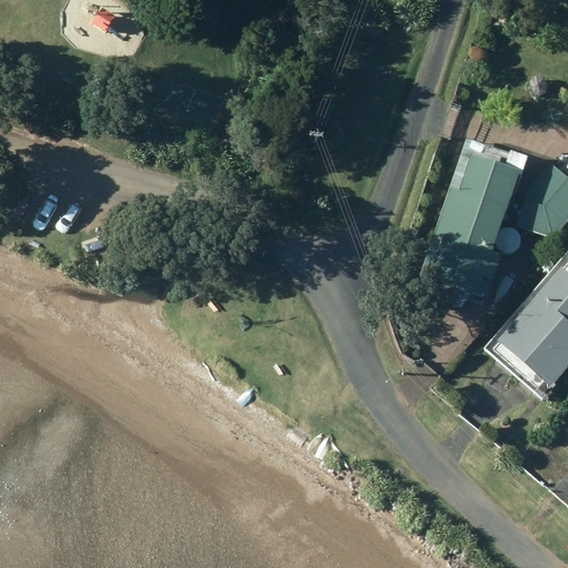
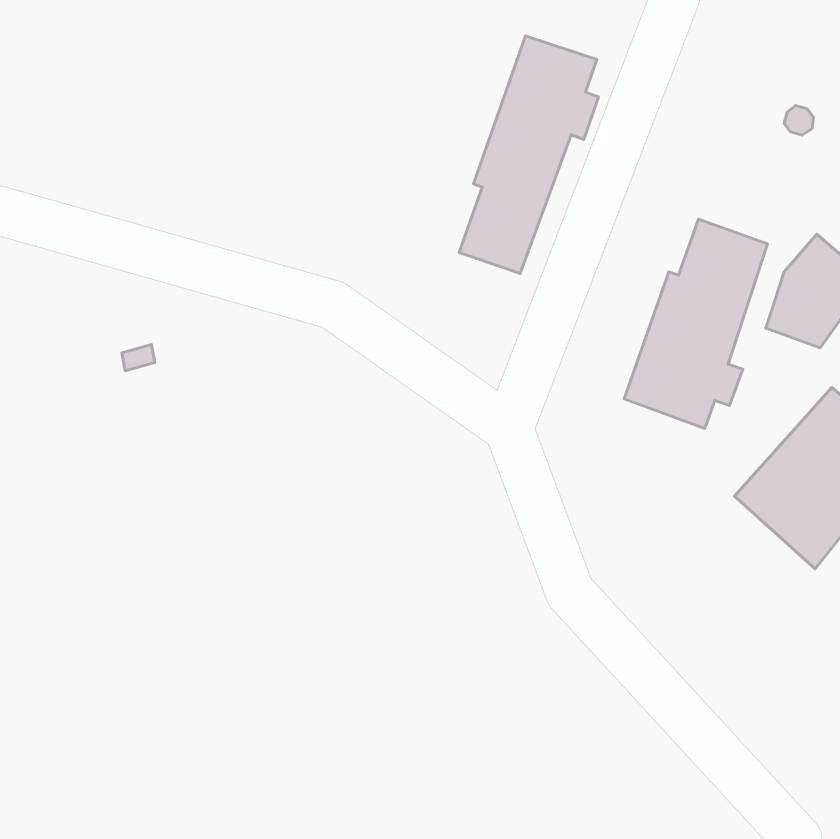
building: none -> [459,36,598,273]

